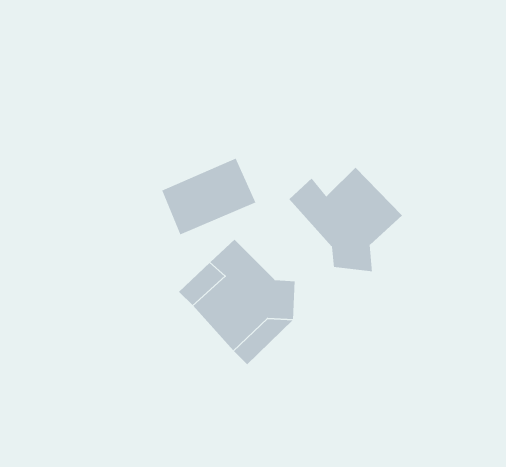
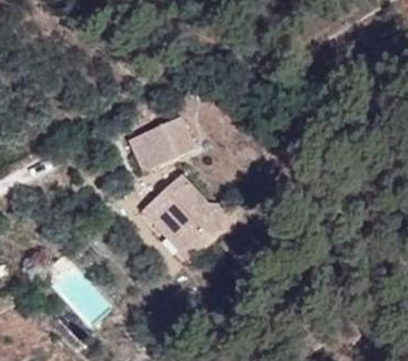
building: [289,167,403,272] -> none

